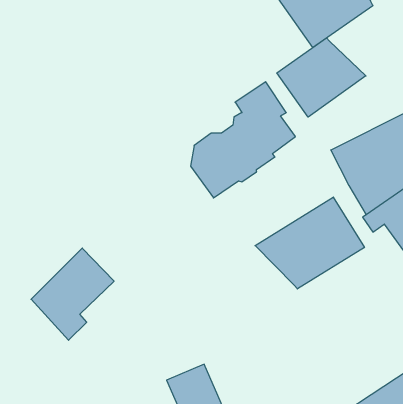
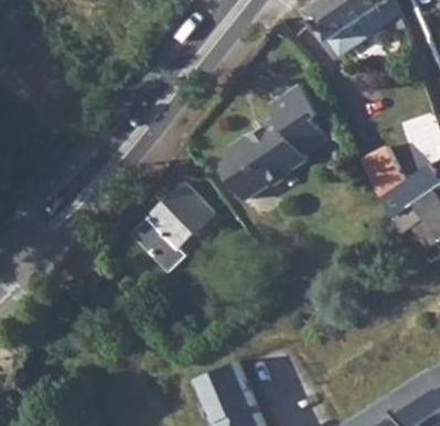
building: [277,38,366,117] -> none
building: [255,197,364,289] -> none
building: [31,248,114,340] -> [132,183,213,272]

